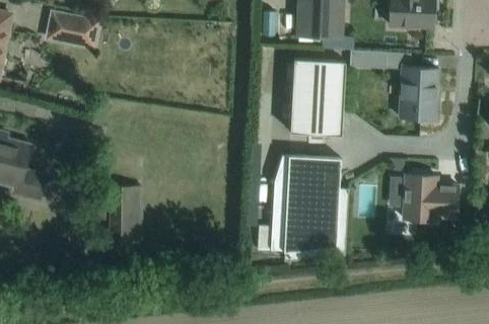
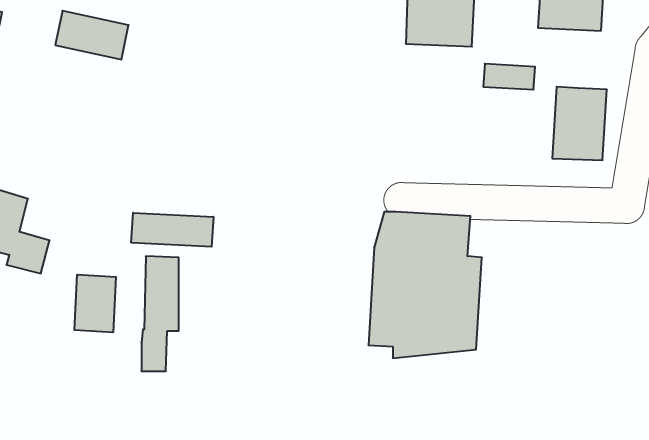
building: [290,59,345,135] -> none
building: none -> [131,213,213,247]
building: [390,174,458,221] -> none
building: none -> [74,275,116,332]

